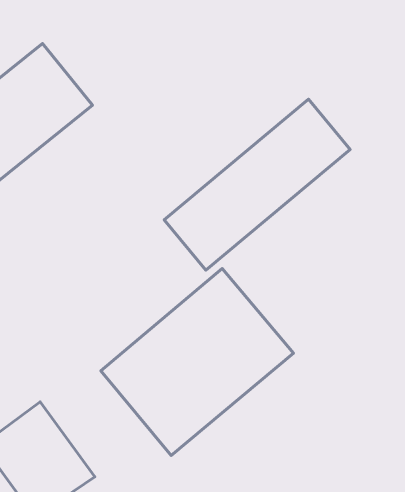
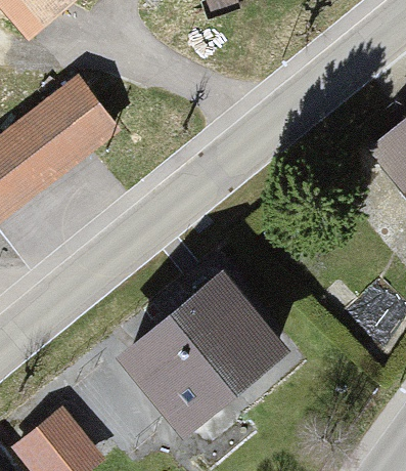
building: [164,99,350,270] -> none

